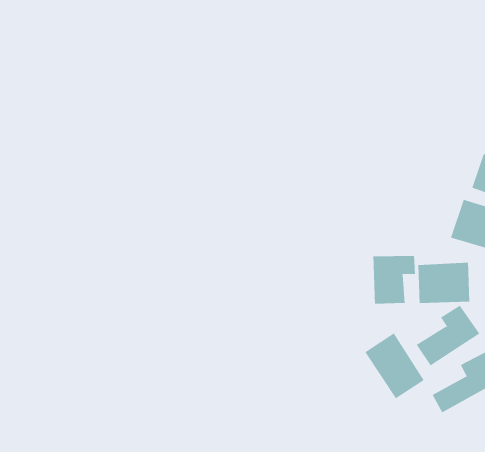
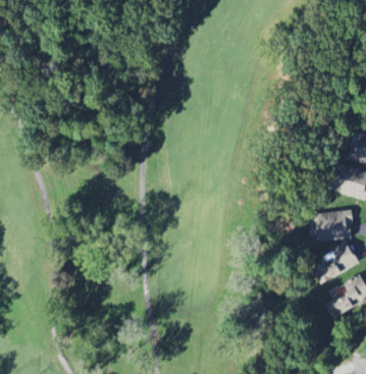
building: [373,255,415,305] -> none
building: [364,332,424,399] -> none

